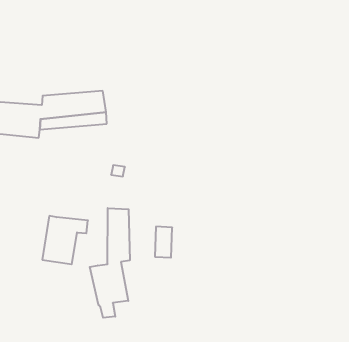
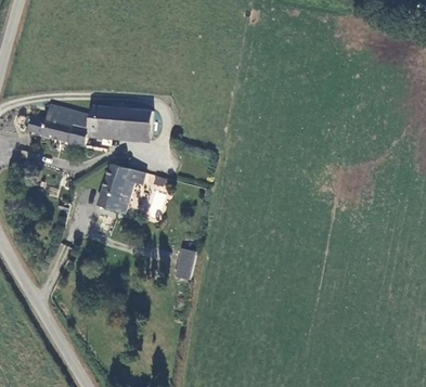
building: [90,208,130,318] -> none
building: [42,216,88,264] -> [98,163,146,211]

